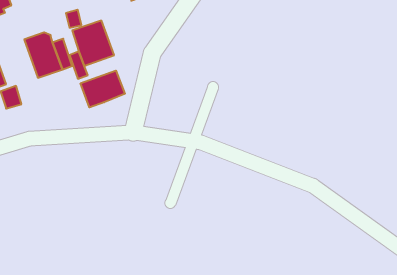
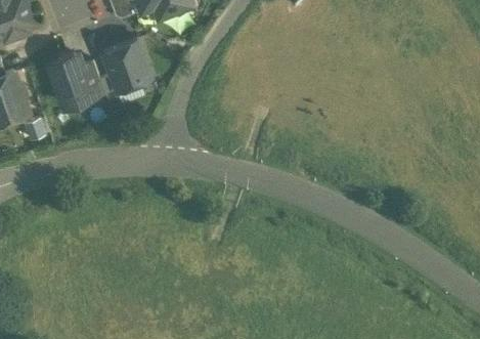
building: [81,71,125,107] -> none

